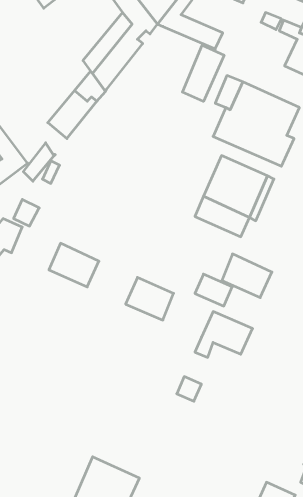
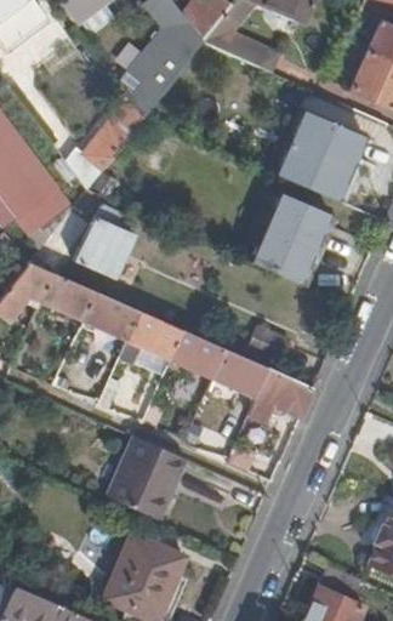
building: [182,45,224,101] -> none
building: none -> [74,205,133,279]
building: none -> [39,273,95,321]
building: [222,254,272,298] -> [211,348,268,398]
building: none -> [119,312,182,363]
building: none -> [106,437,184,520]

